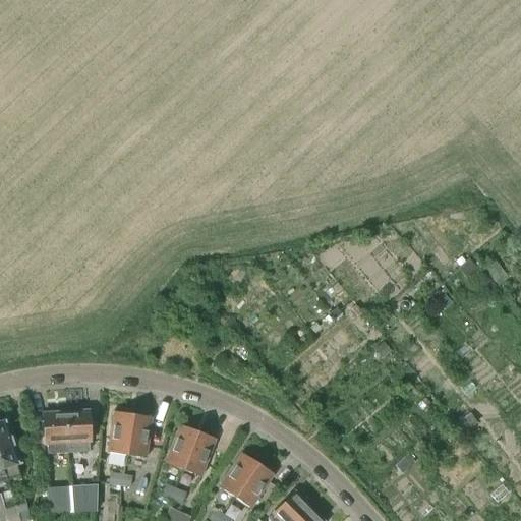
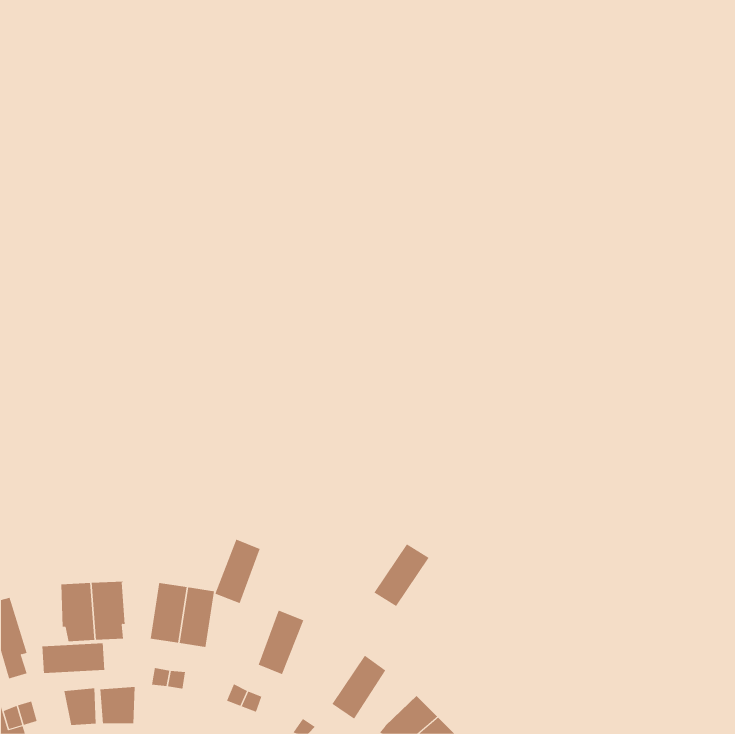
building: [165,423,197,469] -> [214,539,260,604]
building: [219,452,258,497] -> [373,543,430,607]
building: none -> [42,643,105,674]

